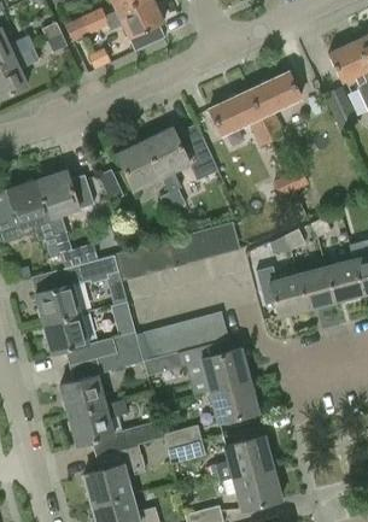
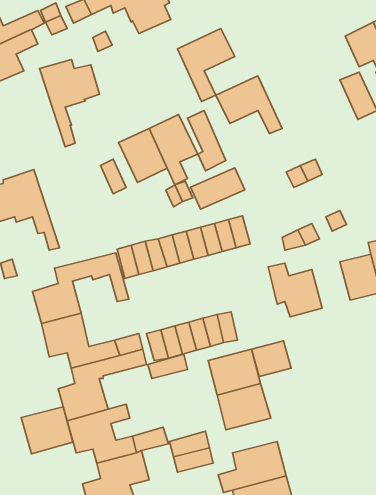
building: [247,71,302,140] -> [177,28,235,102]
building: [36,170,93,252] -> [39,60,100,147]
building: none -> [190,168,245,209]
building: [298,265,334,309] -> none
building: none -> [252,341,291,376]
building: none -> [21,407,73,454]

